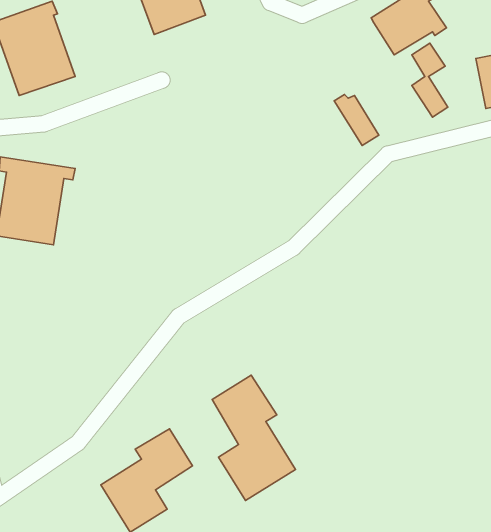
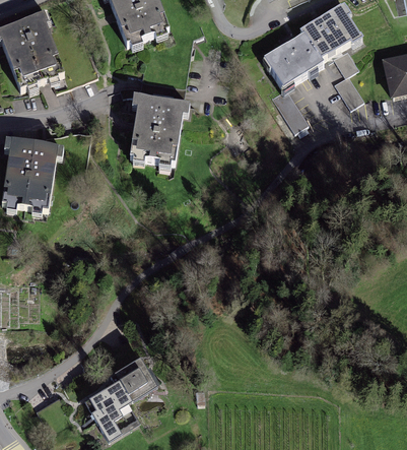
building: none -> [260,30,321,85]
building: none -> [132,95,192,160]
building: [212,375,296,501] -> none

